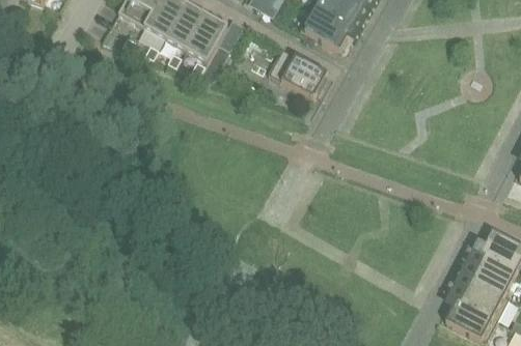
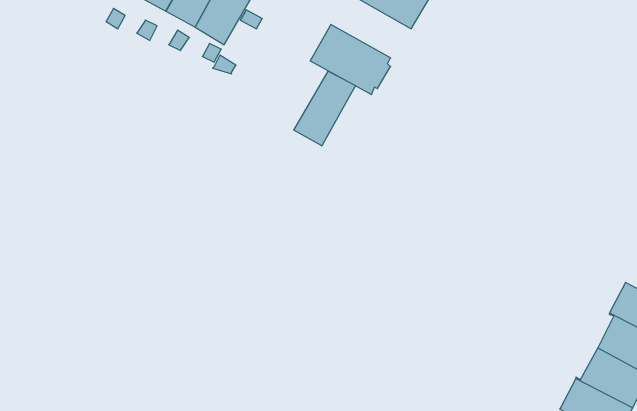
building: none -> [294,71,356,146]

